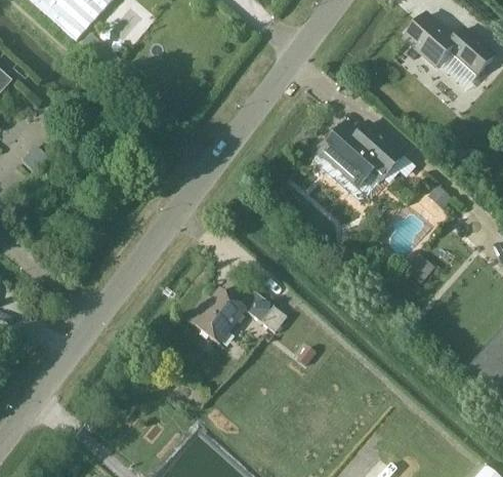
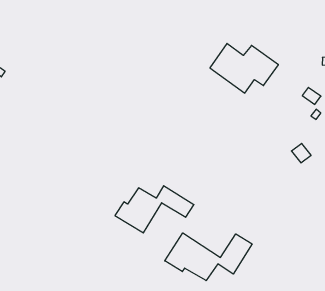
building: none -> [165,233,252,281]

